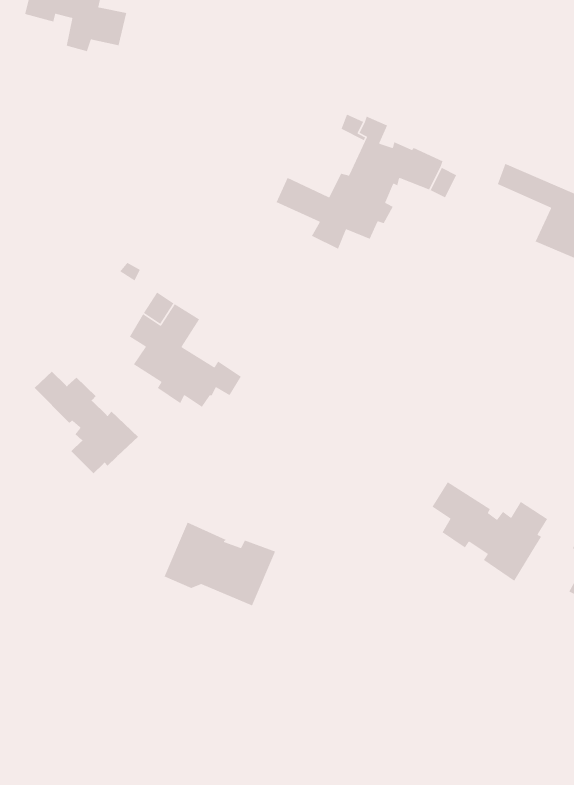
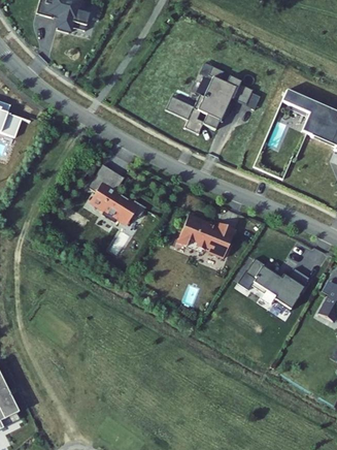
building: [34,371,139,474] -> none
building: [163,522,276,607] -> [178,207,237,252]

